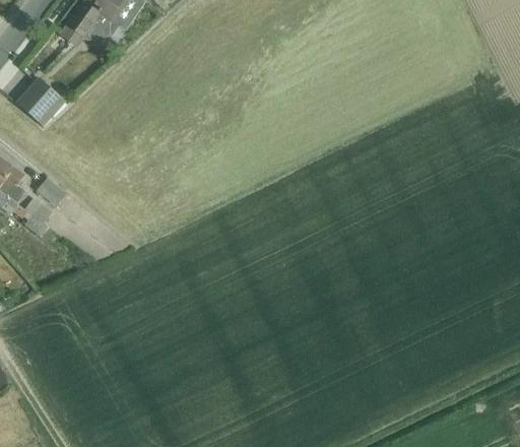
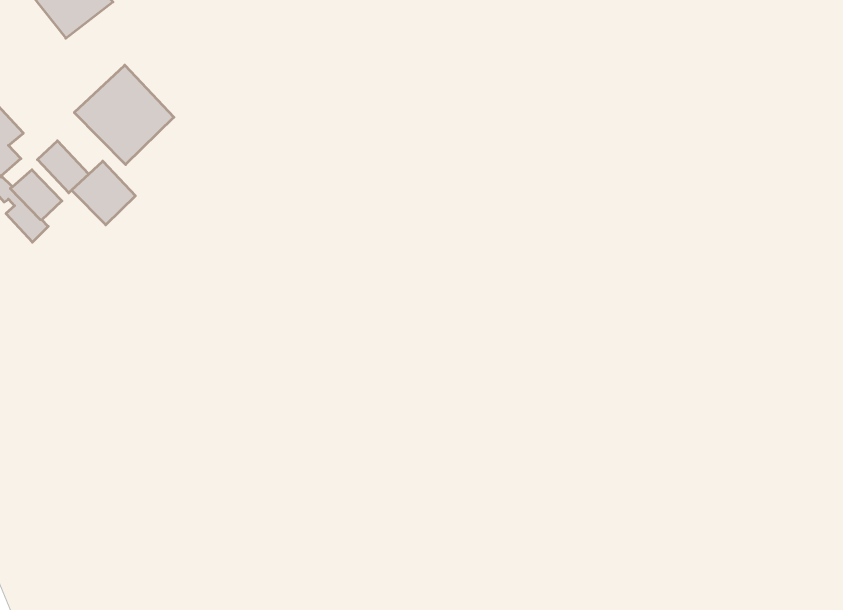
building: none -> [74,65,174,165]
building: none -> [72,161,135,225]

